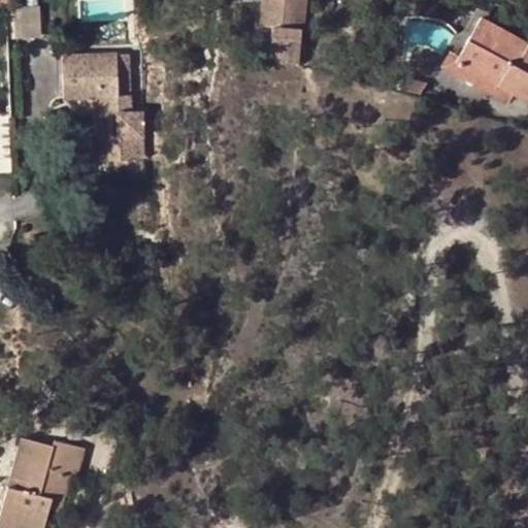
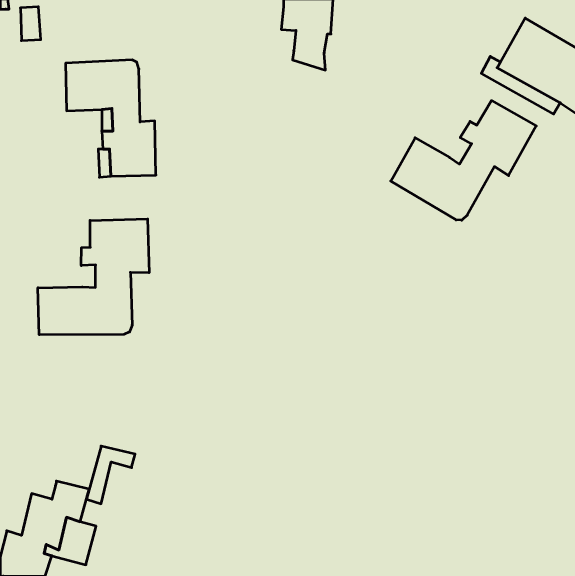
building: none -> [391,101,536,220]
building: none -> [38,219,149,335]
building: [8,436,53,489] -> [86,446,135,504]

